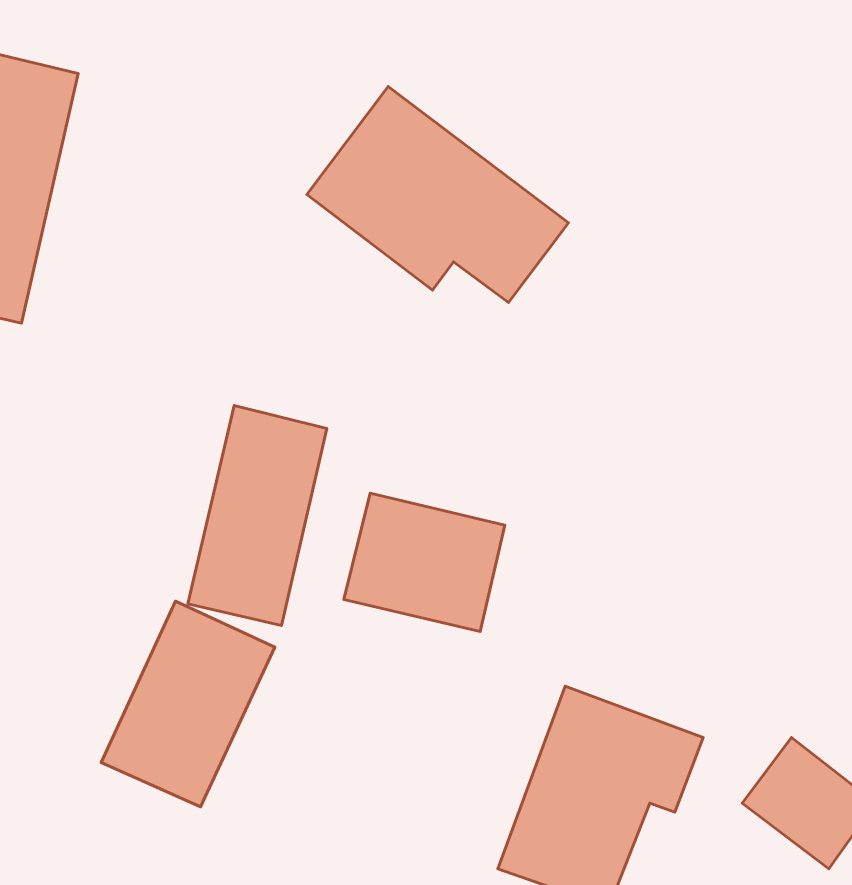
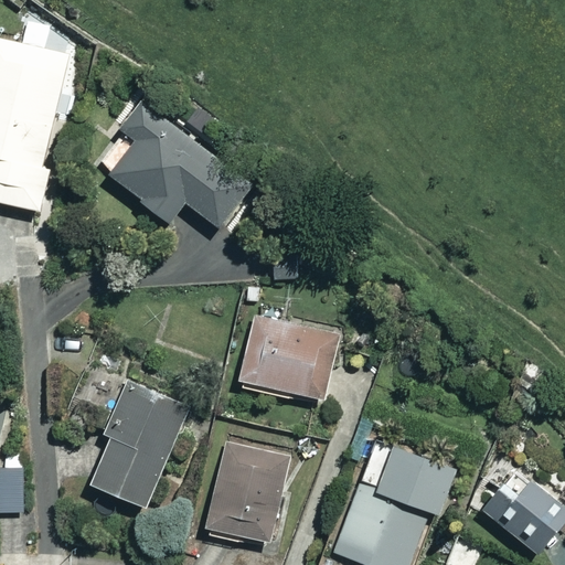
building: [307,87,569,303] -> [92,96,255,231]
building: [188,405,327,626] -> none
building: none -> [203,438,297,547]

